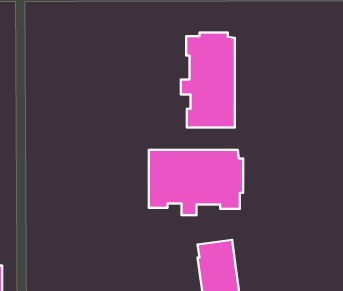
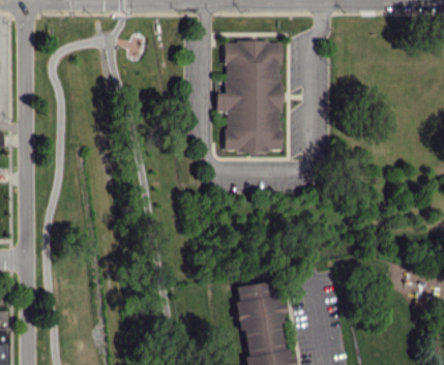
building: [149,150,243,215] -> none

